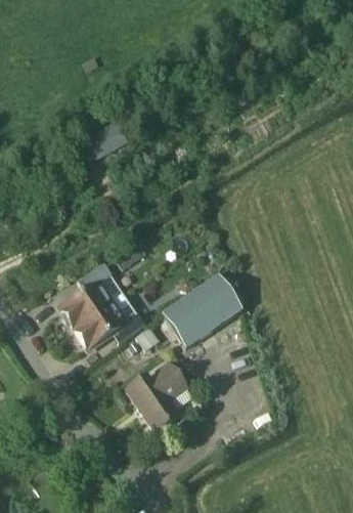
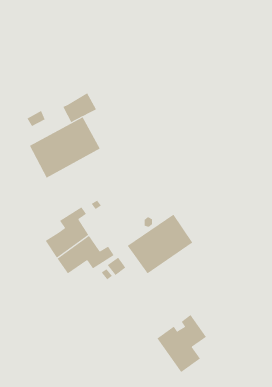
building: none -> [29,117,101,178]
building: [126,358,187,430] -> [157,314,207,373]

